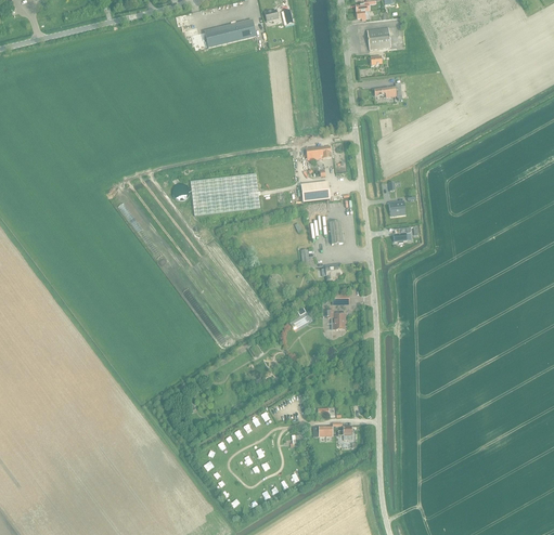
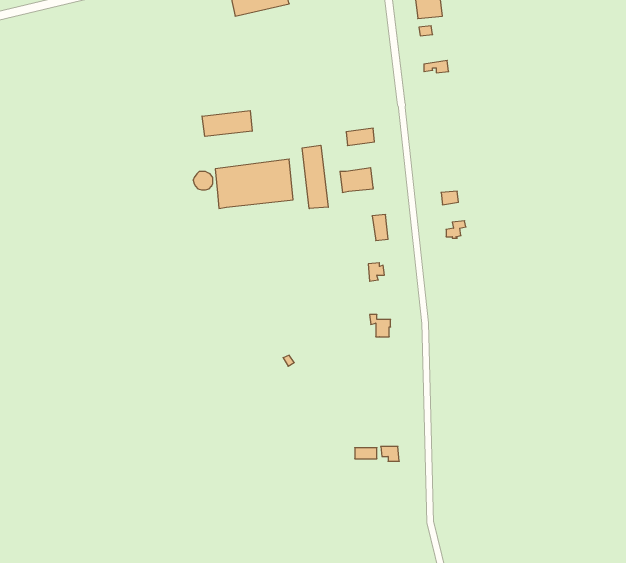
building: none -> [202,111,252,136]
building: none -> [302,145,328,209]

